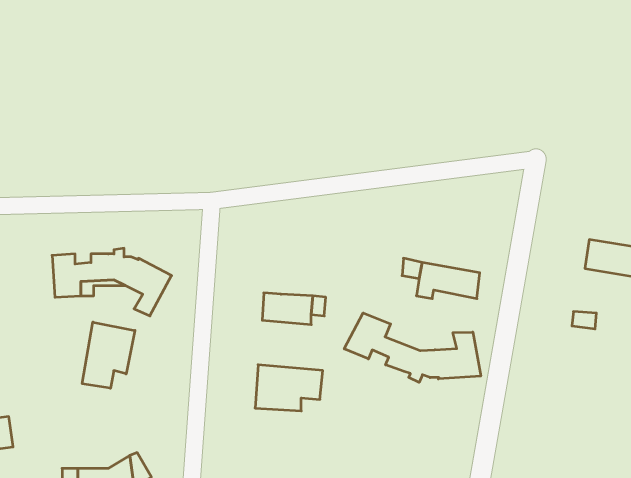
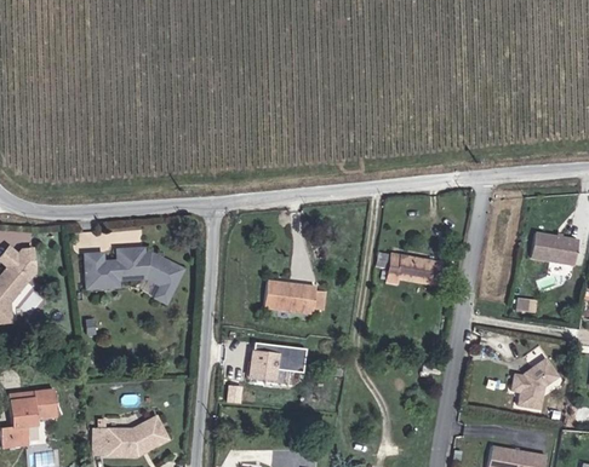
building: [344,313,481,382] -> none
building: [82,322,135,388] -> none
building: none -> [514,364,560,415]

